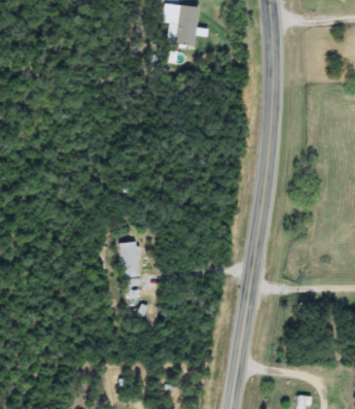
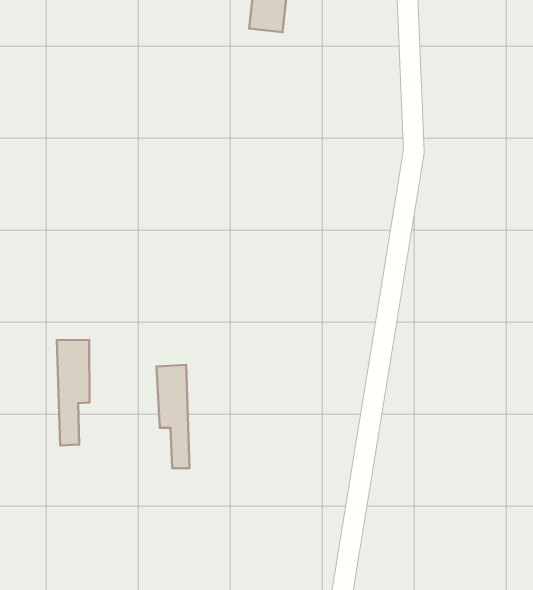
building: none -> [57,340,90,446]

